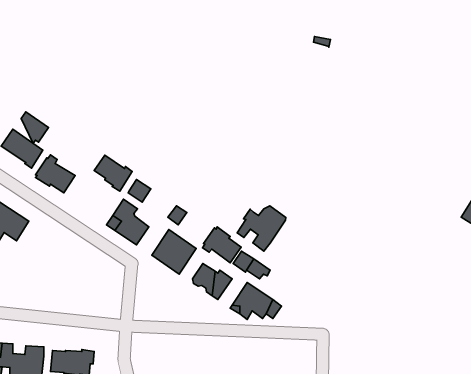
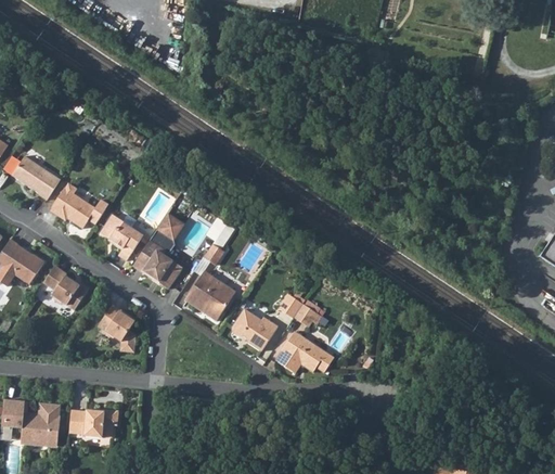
building: [21,112,49,143] -> none
building: [94,155,132,191] -> [100,215,143,256]
building: [237,206,286,251] -> none
building: none -> [43,265,88,308]
building: [202,227,241,263] -> none
building: none -> [96,303,134,350]

